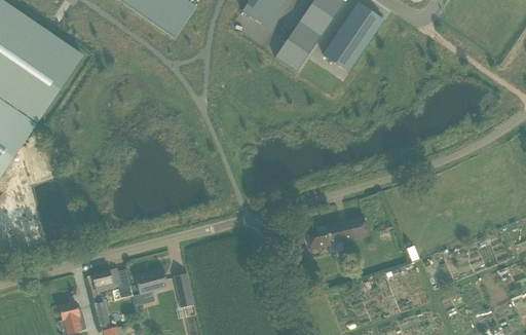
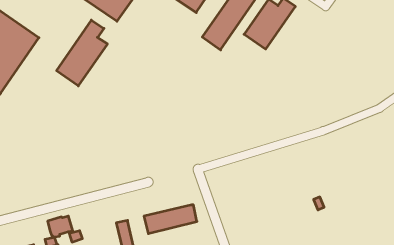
building: none -> [57,20,107,86]
building: [305,215,368,249] -> [144,205,197,234]
building: [135,267,167,294] -> none

